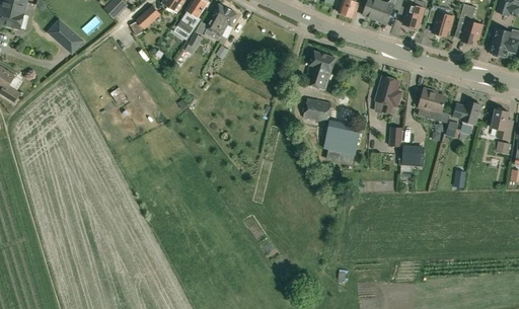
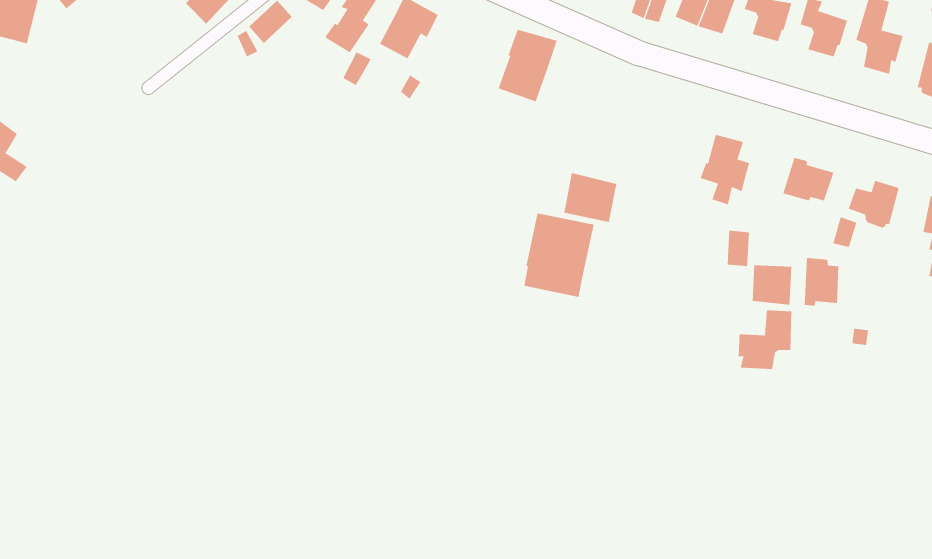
building: [47,17,85,55] -> none
building: [304,51,336,89] -> [498,29,557,102]
building: [322,120,360,164] -> [523,213,595,297]
building: none -> [804,257,839,307]
building: none -> [738,309,792,370]

